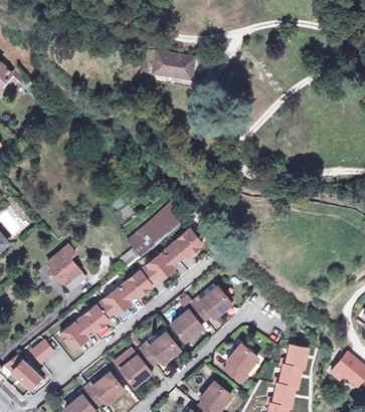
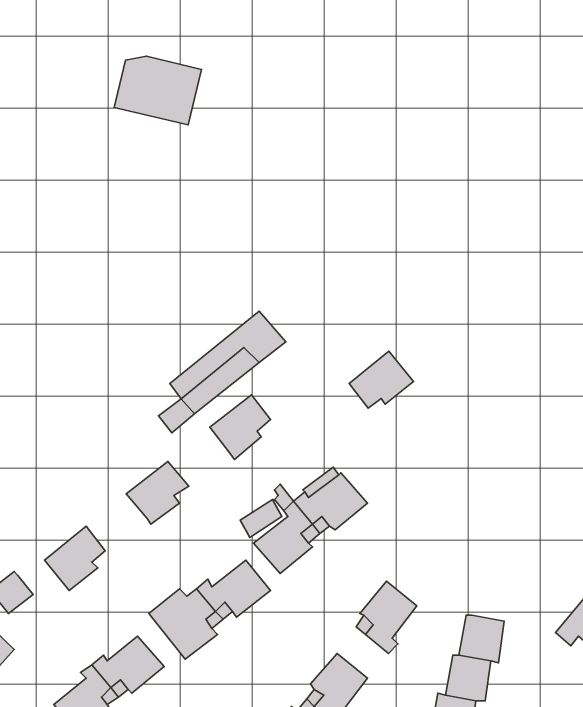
building: [151,50,197,86] -> [114,56,202,125]
building: [170,229,204,259] -> [349,351,414,408]
building: [46,244,84,289] -> none
building: [126,263,158,297] -> none
building: [82,298,115,332] -> none
building: [287,342,311,367] -> none

